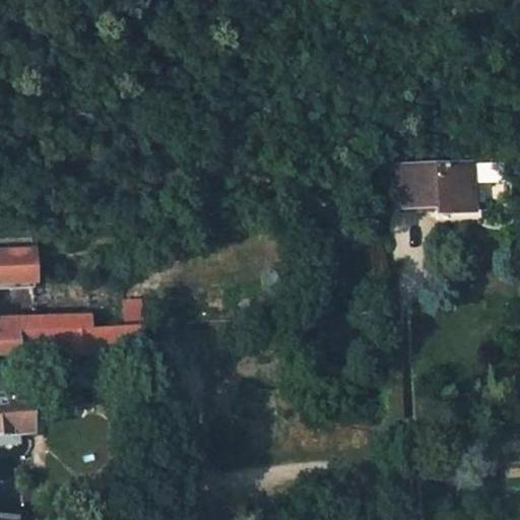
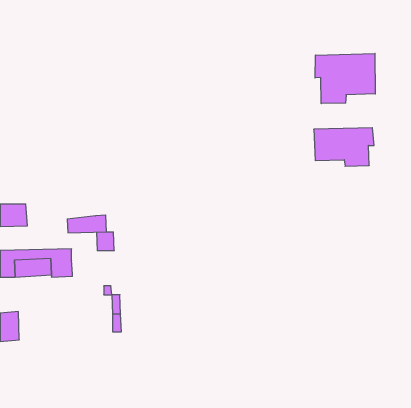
building: none -> [315,53,375,104]
building: [90,324,140,346] -> [67,215,107,233]

